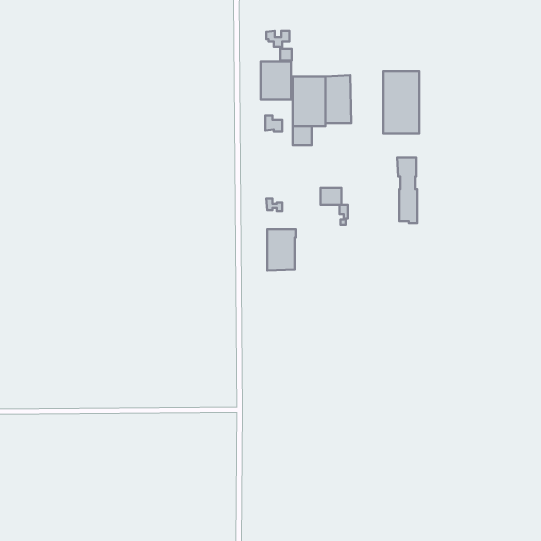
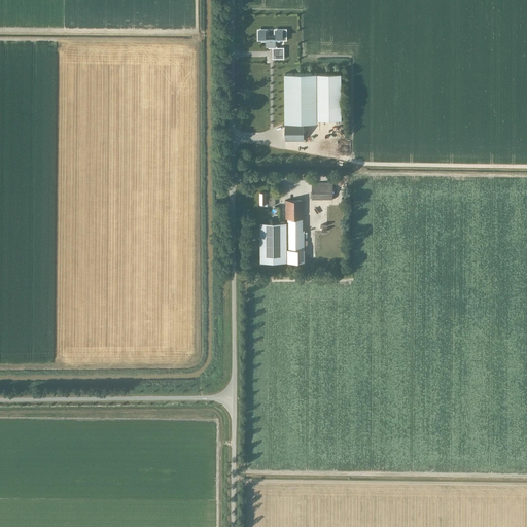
building: [261,61,291,100] -> none
building: [383,71,419,134] -> none
building: [397,157,417,223] -> [284,201,304,265]

